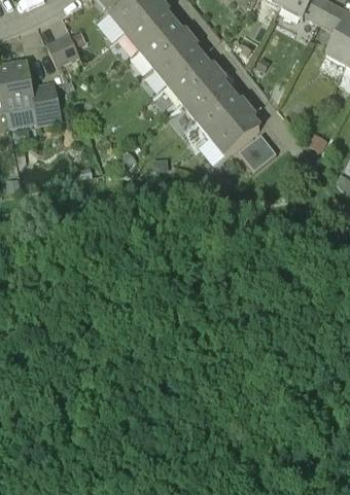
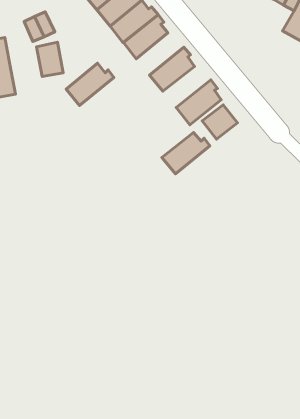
building: [167,56,218,101] -> [66,63,114,105]
building: [31,84,60,121] -> [36,42,63,77]
building: [196,92,247,136] -> [162,133,210,174]

